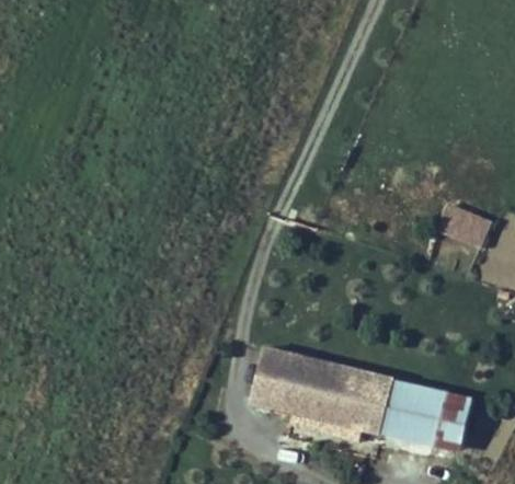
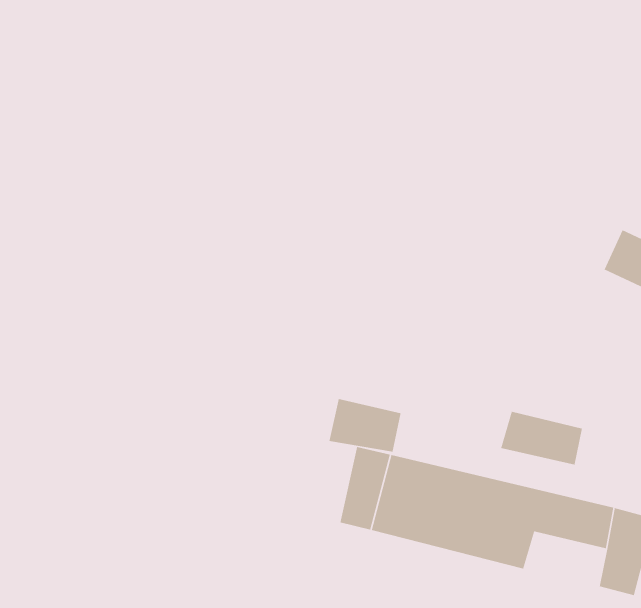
building: none -> [328,398,401,452]
building: [380,410,438,448] -> [500,411,583,466]

